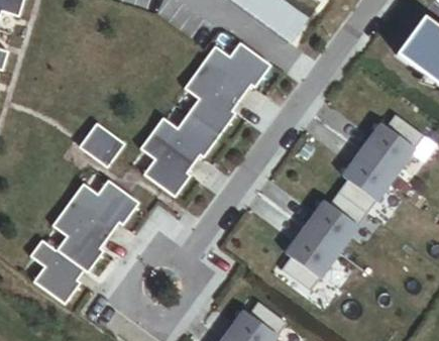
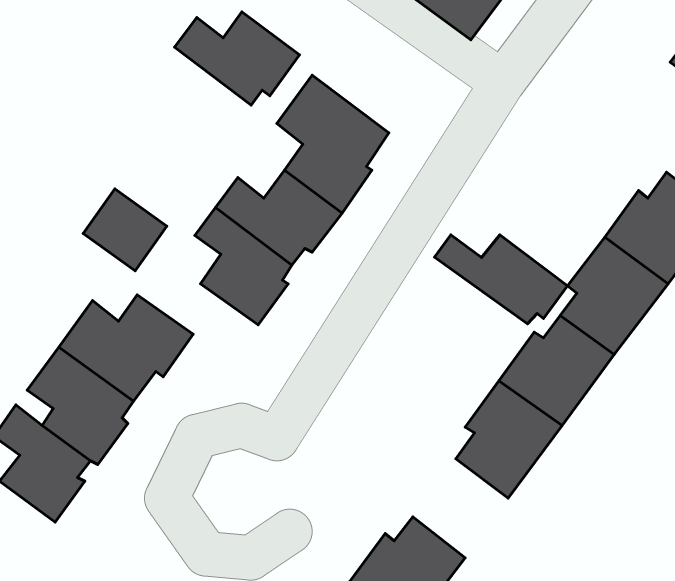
building: [203,41,270,92] -> [175,12,299,105]
building: none -> [434,235,568,324]

